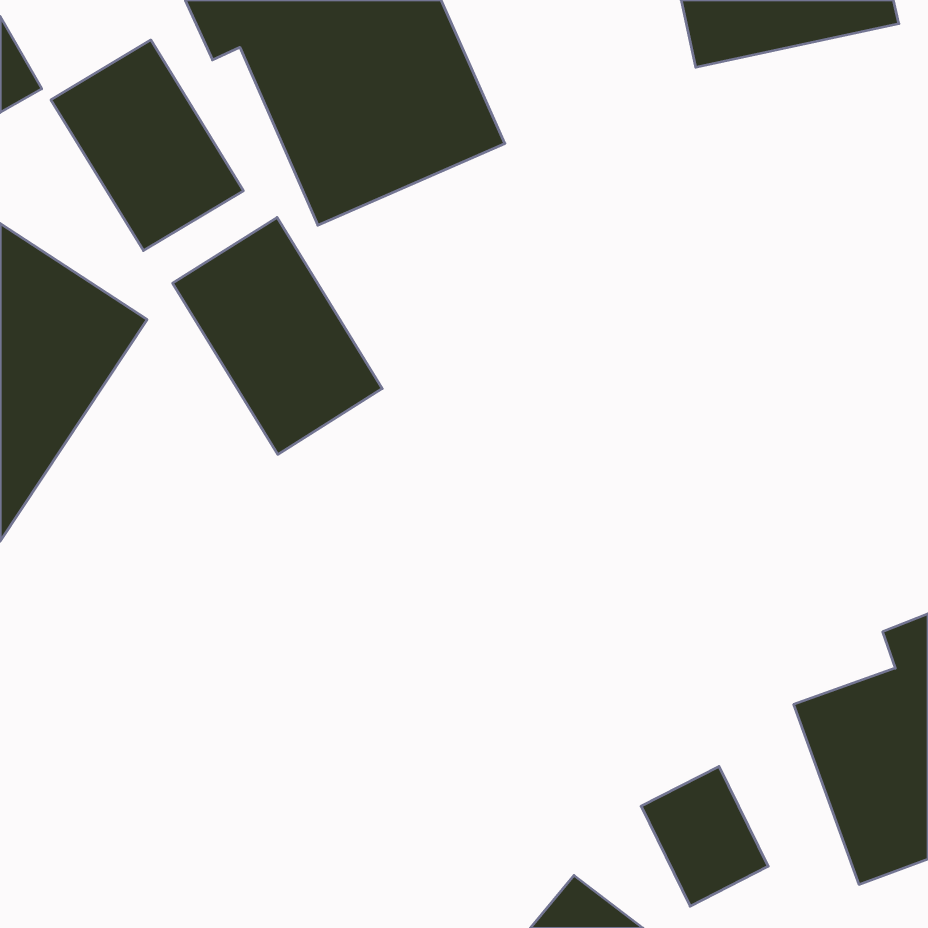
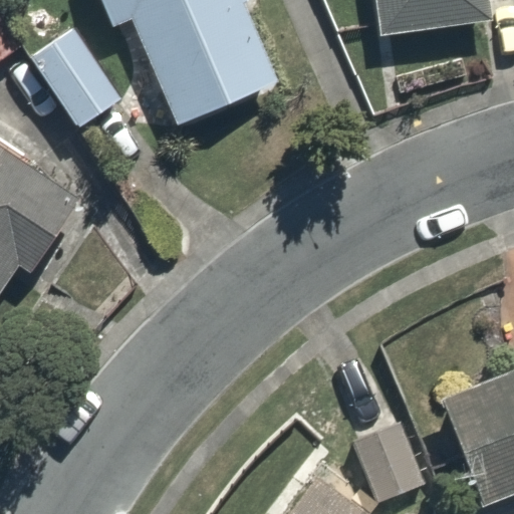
building: [173,217,382,454] -> none

